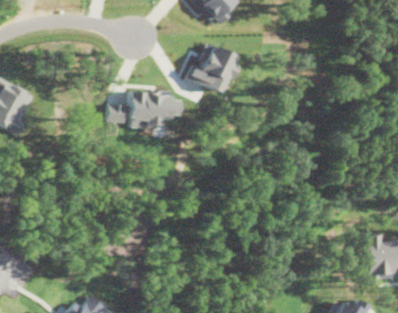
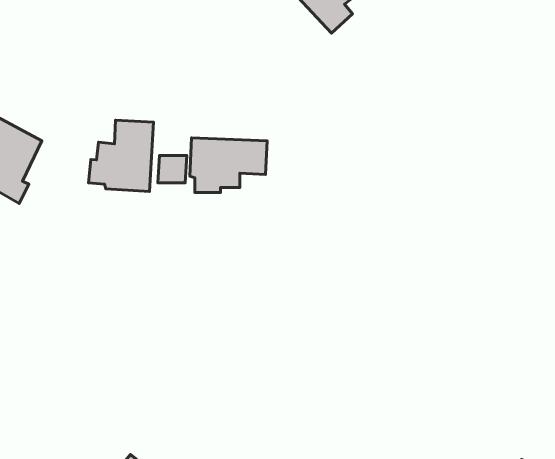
building: [189,42,234,93] -> none
building: none -> [88,120,153,191]

